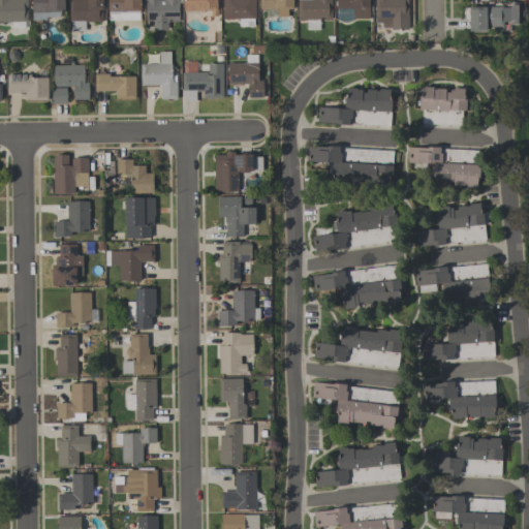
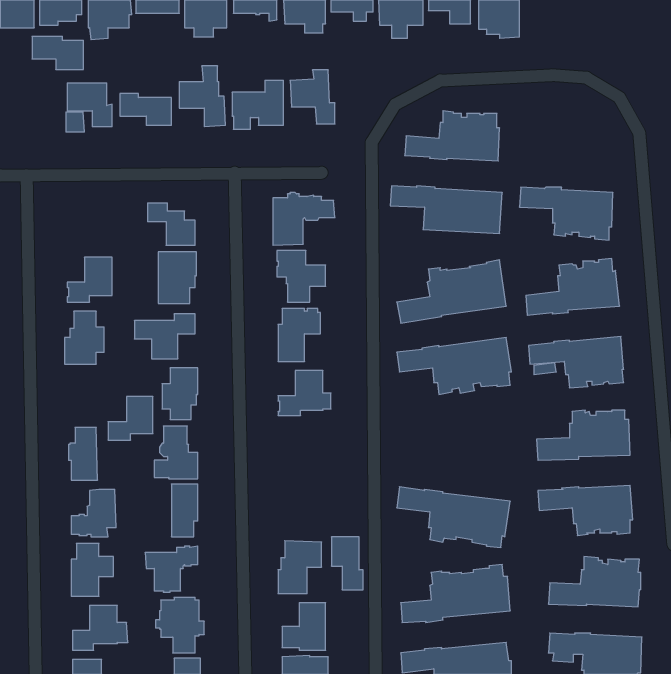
building: [471,6,512,31] -> none
building: [8,74,49,100] -> [32,36,83,69]
building: [421,86,468,125] -> none
building: [54,155,89,193] -> none
building: [57,293,92,328] -> [108,397,153,440]
building: [315,324,403,367] -> none
building: [220,333,254,374] -> none
building: [222,378,247,419] -> [331,537,363,590]

